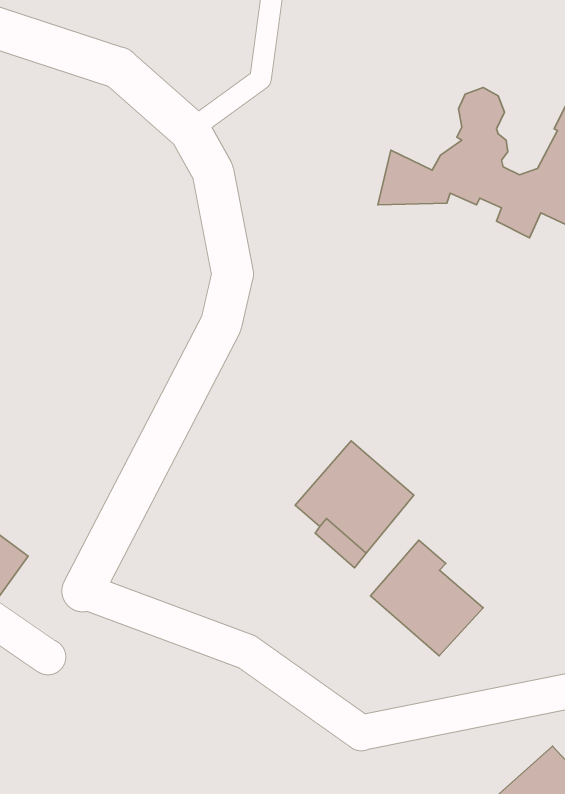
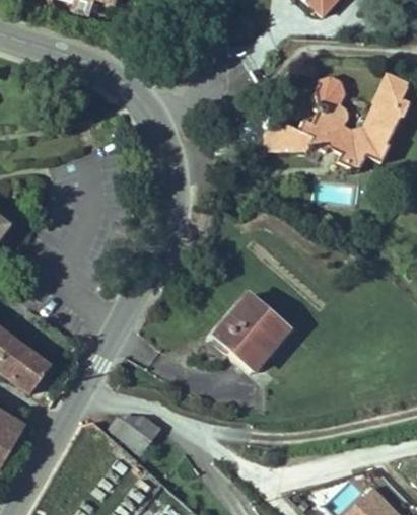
building: [370,540,483,656] -> none
building: none -> [112,415,159,450]

